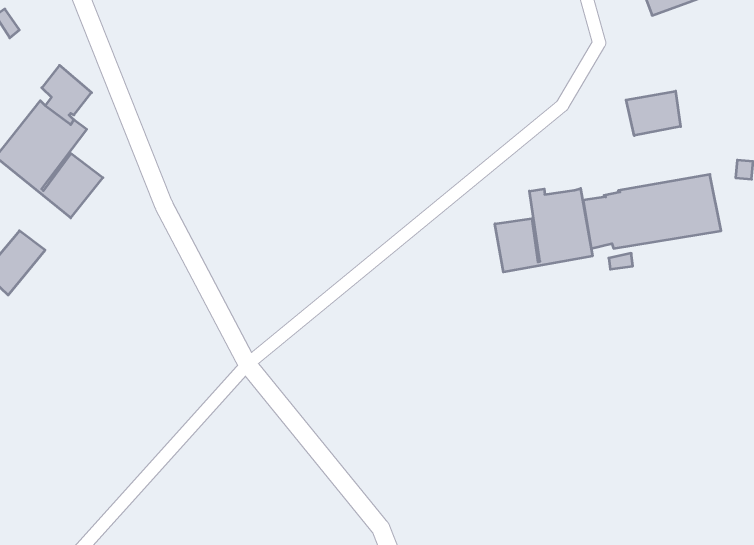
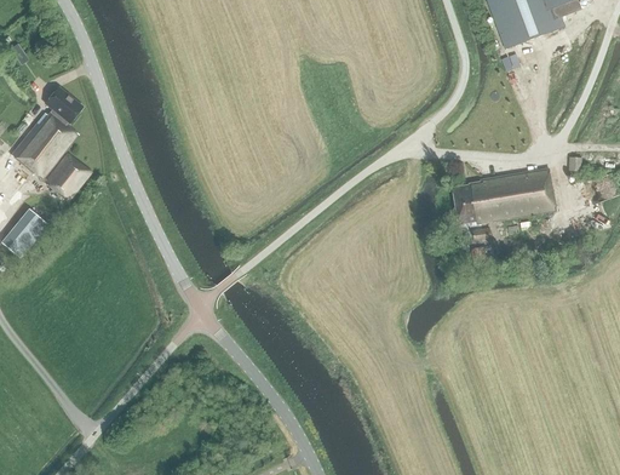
building: [626,91,681,136] -> none
building: [495,188,592,272] -> none

